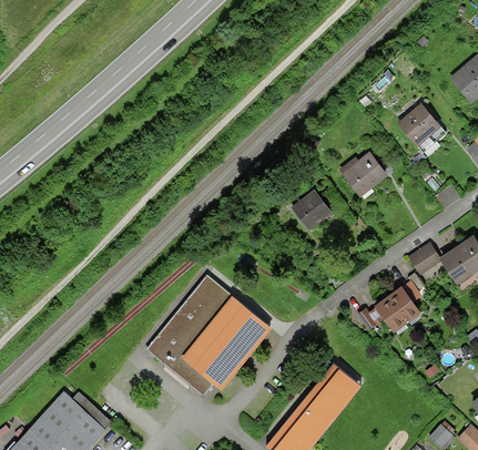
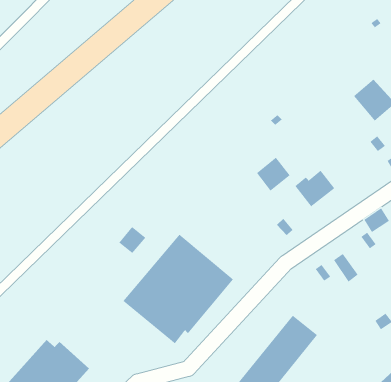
building: [342,153,386,194] -> [295,170,335,207]
building: none -> [118,226,146,254]
building: [388,287,418,319] -> none

